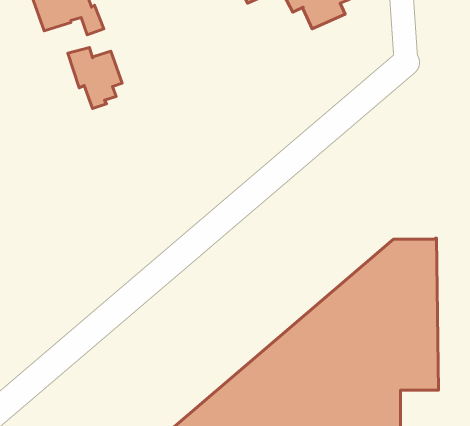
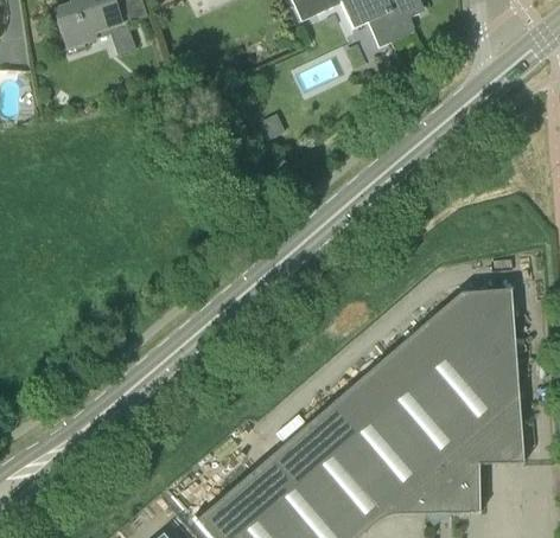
building: [68,47,122,109] -> none

